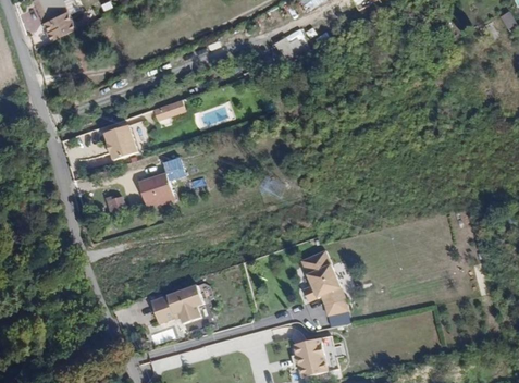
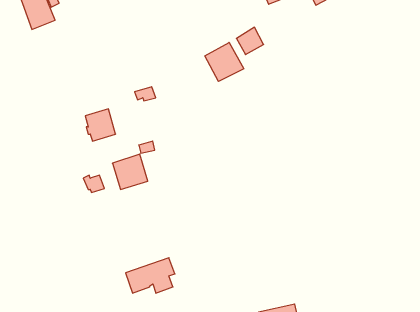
building: none -> [205,42,244,81]
building: [301,250,348,316] -> none

